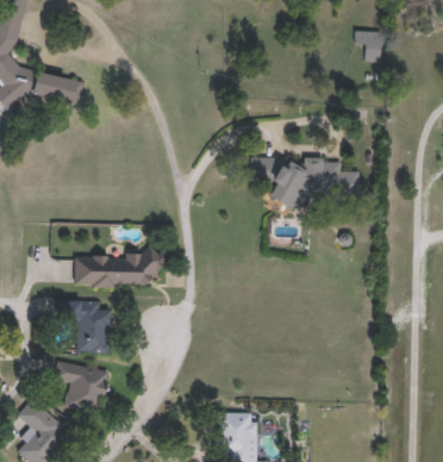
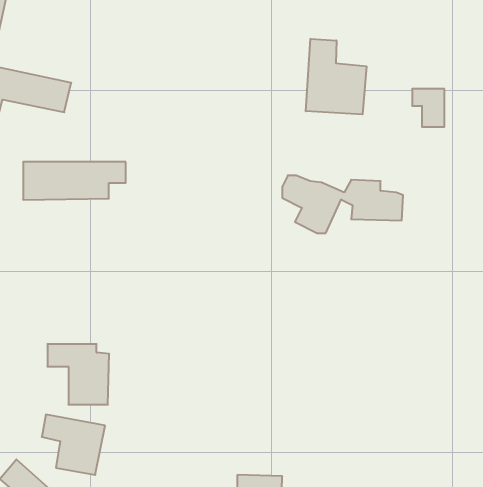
building: [352,31,380,63] -> [412,89,444,127]
building: none -> [306,39,366,114]
building: [71,255,158,287] -> [23,162,126,200]

